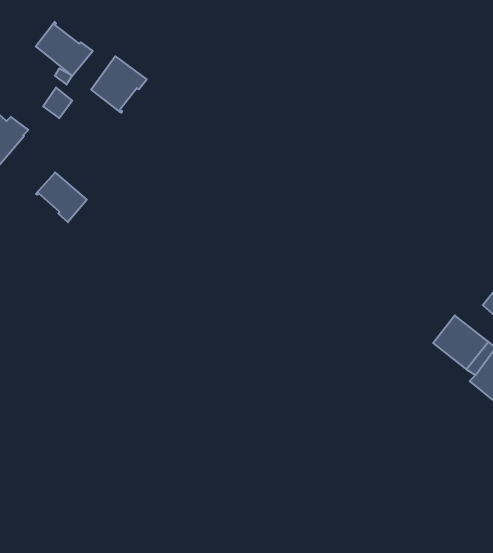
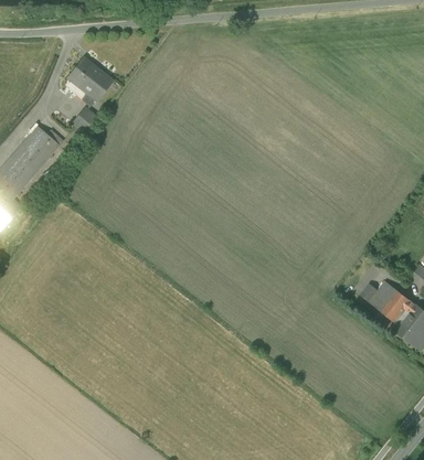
building: [91,56,147,113] -> none
building: [36,172,87,222] -> none

